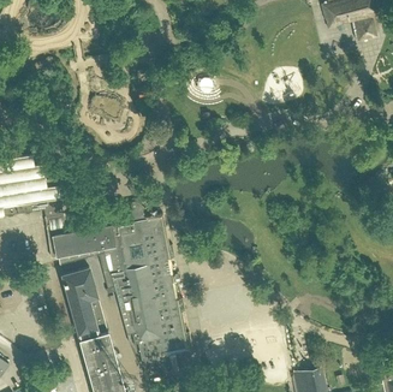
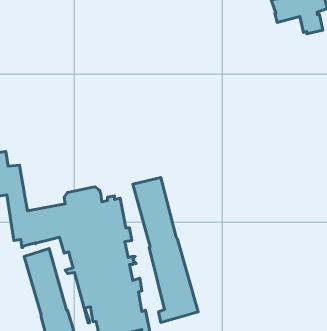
building: none -> [133,178,198,322]

